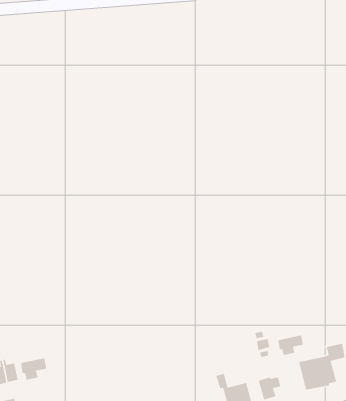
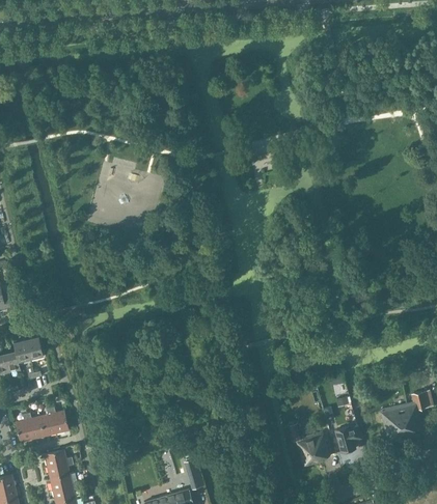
building: [277,334,304,356] -> none
building: [20,357,47,380] -> none

